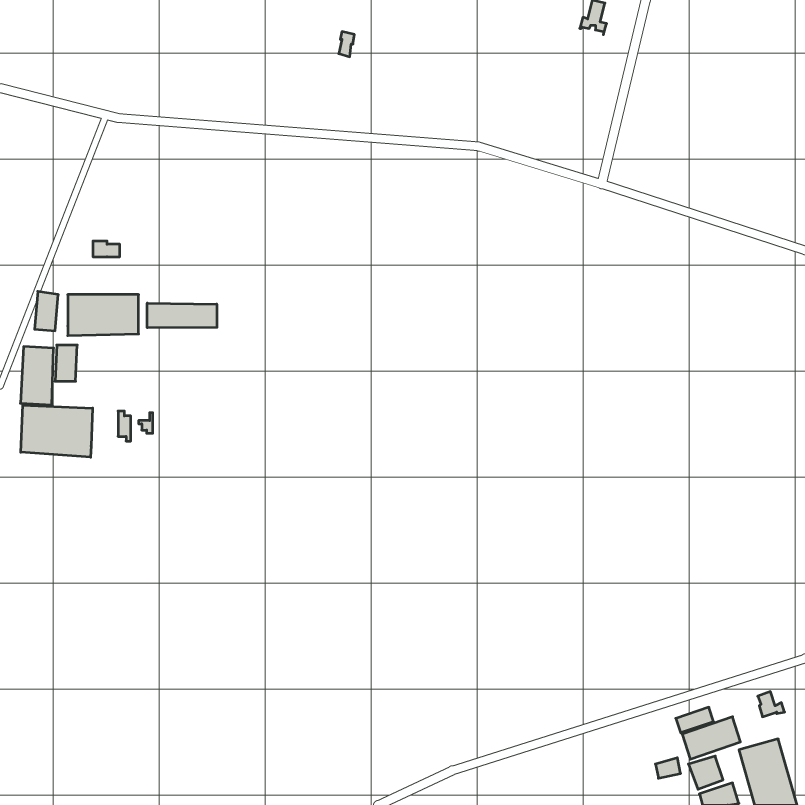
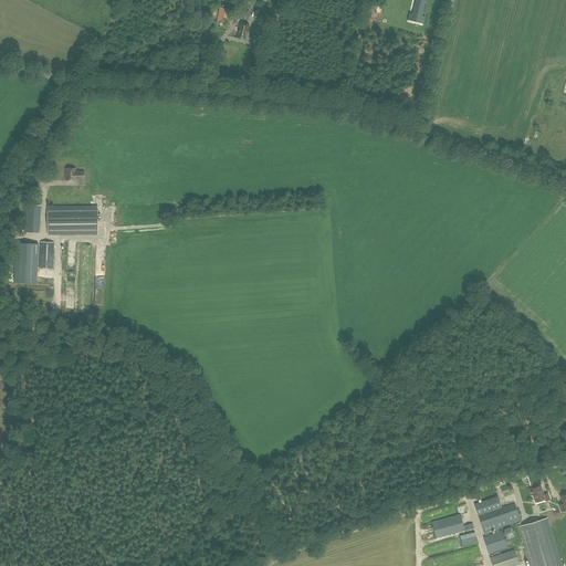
building: [147,303,217,328] -> none
building: [21,405,93,457] -> none
building: none -> [431,514,464,538]

